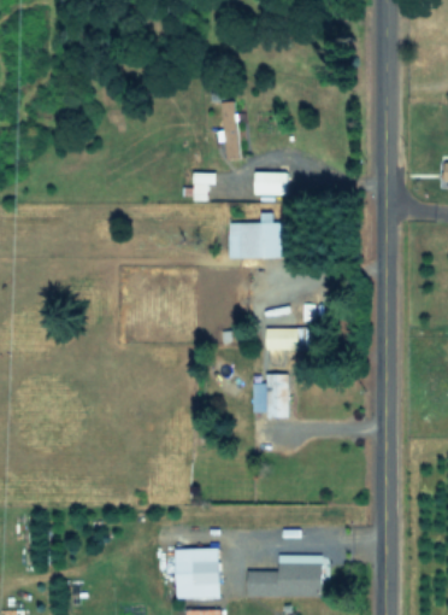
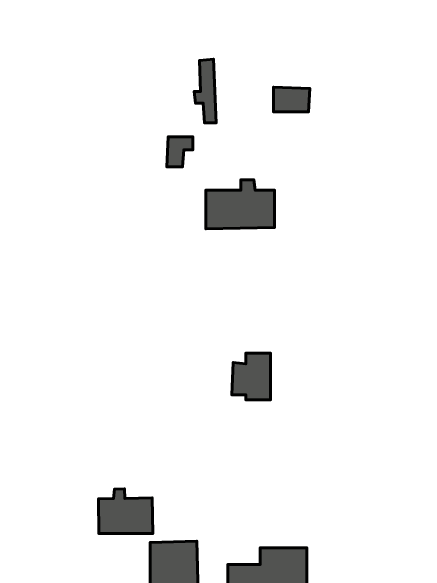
building: [254,171,288,194] -> [274,87,310,112]
building: [266,328,314,350] -> none
building: none -> [98,489,153,533]

